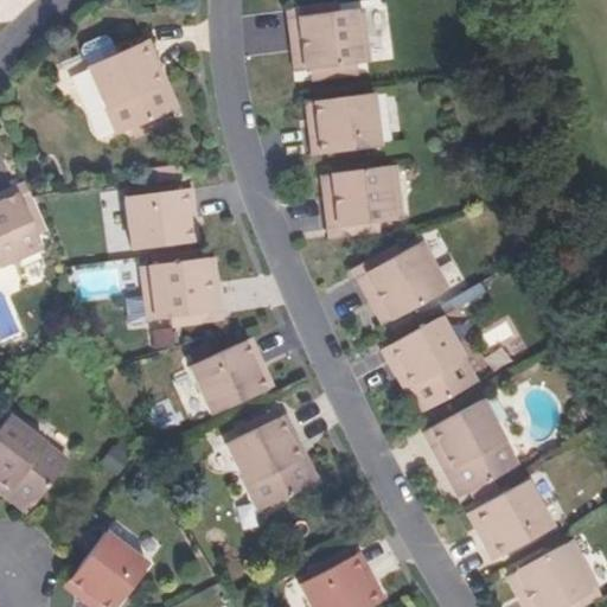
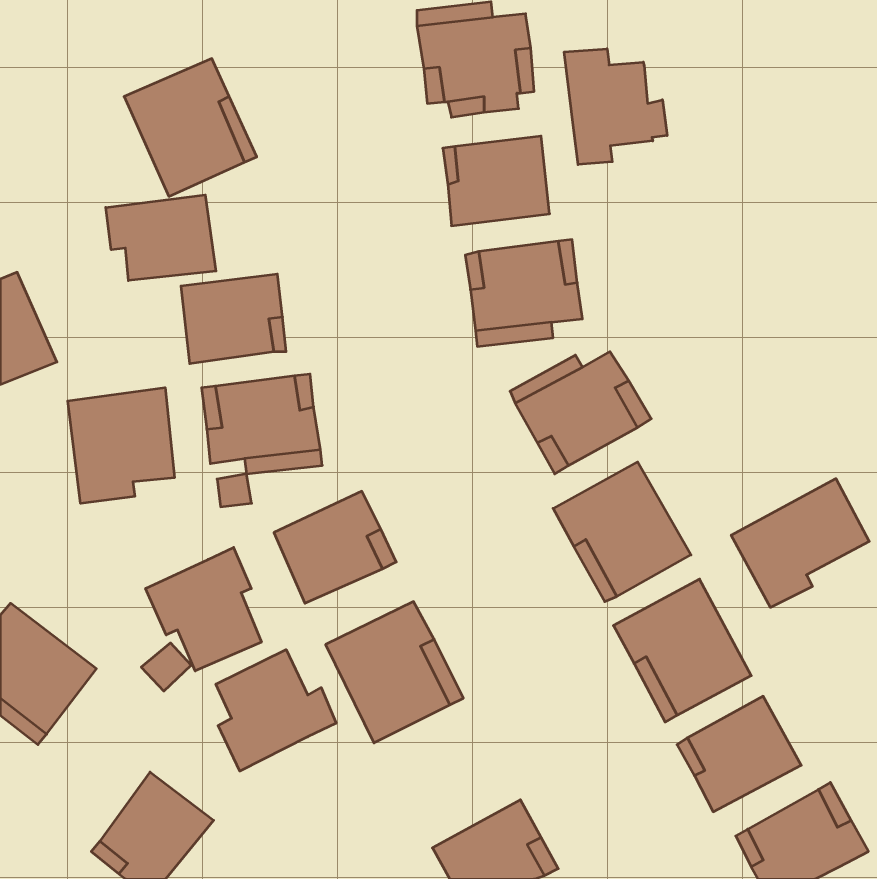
building: none -> [564,49,667,165]
building: none -> [106,195,216,281]
building: none -> [68,388,174,503]
building: none -> [731,479,869,607]
building: none -> [146,547,261,671]
building: none -> [216,650,336,771]

